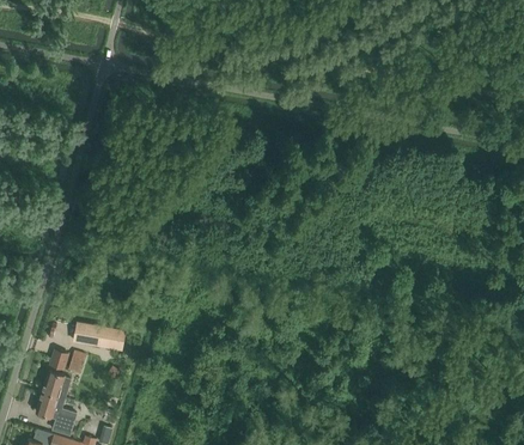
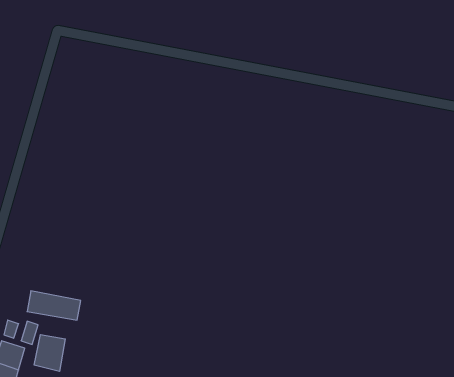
building: none -> [34,335,65,371]

